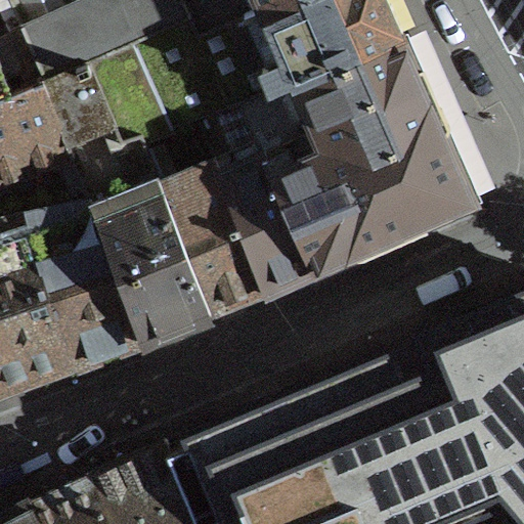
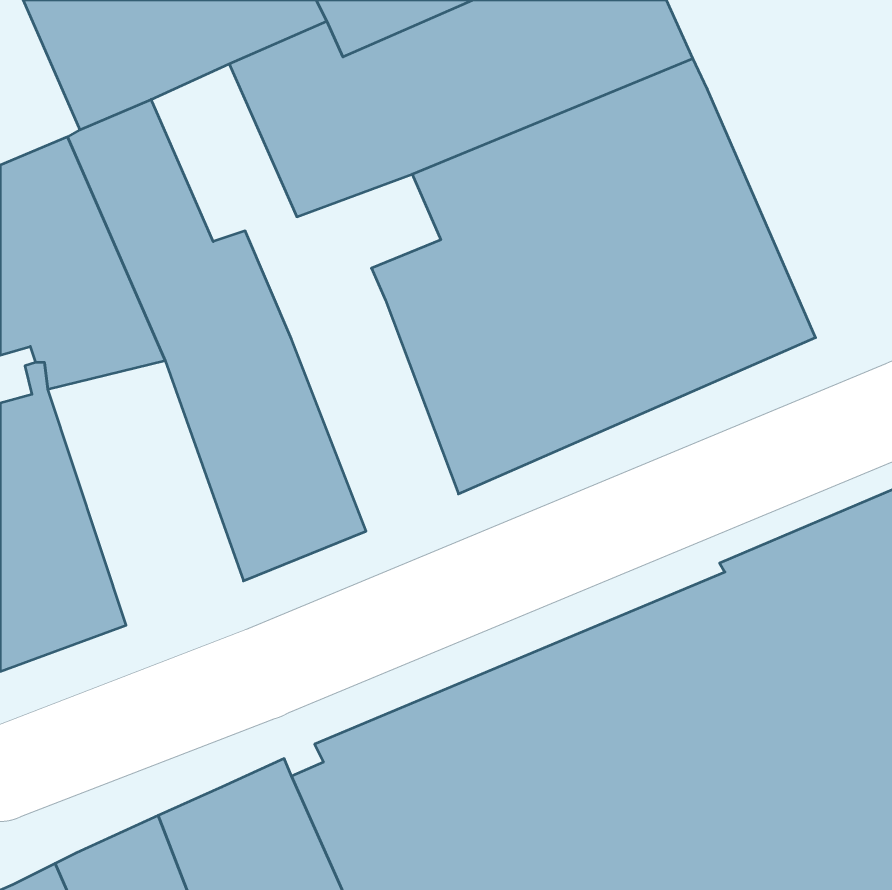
building: [96,47,180,149] -> none
building: [177,183,273,316] -> none
building: [37,218,149,370] -> none

